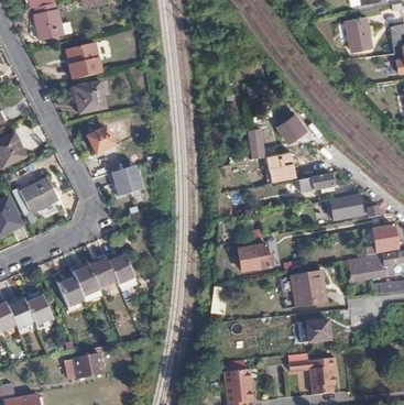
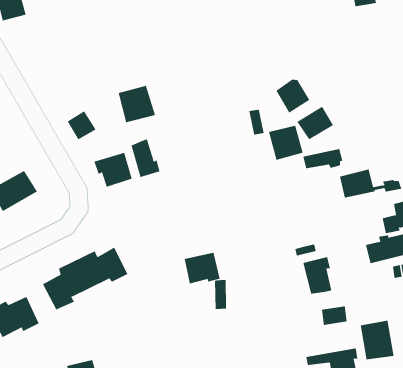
building: [65,42,101,80] -> none
building: [75,81,108,114] -> [118,85,156,123]
building: none -> [297,106,334,140]
building: none -> [131,139,160,178]
building: [240,243,272,271] -> [184,252,220,284]
building: none -> [360,320,394,360]

